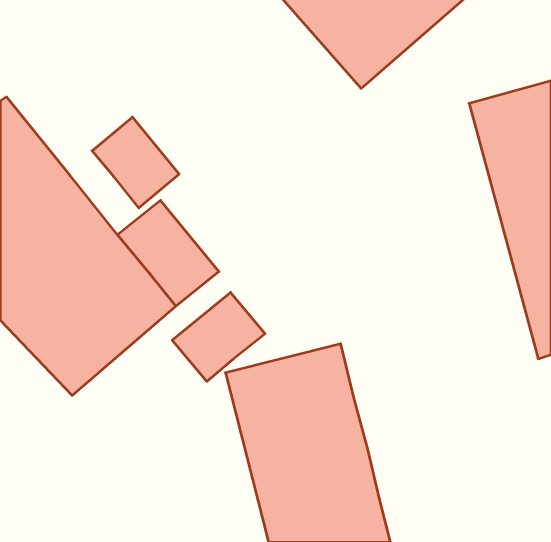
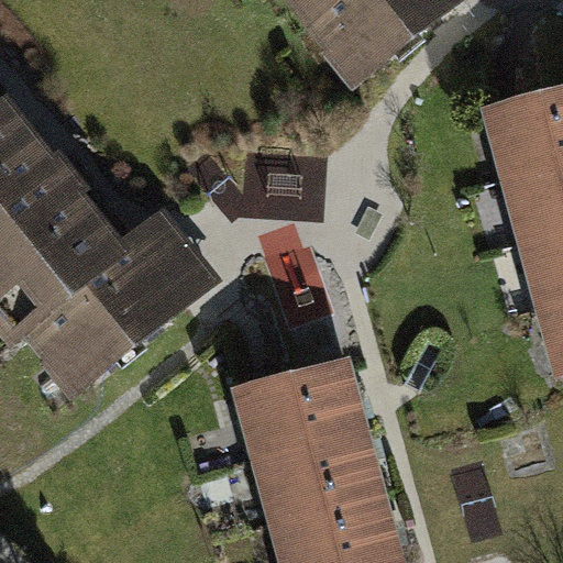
building: [92,117,179,208] -> none
building: [172,292,265,381] -> none

